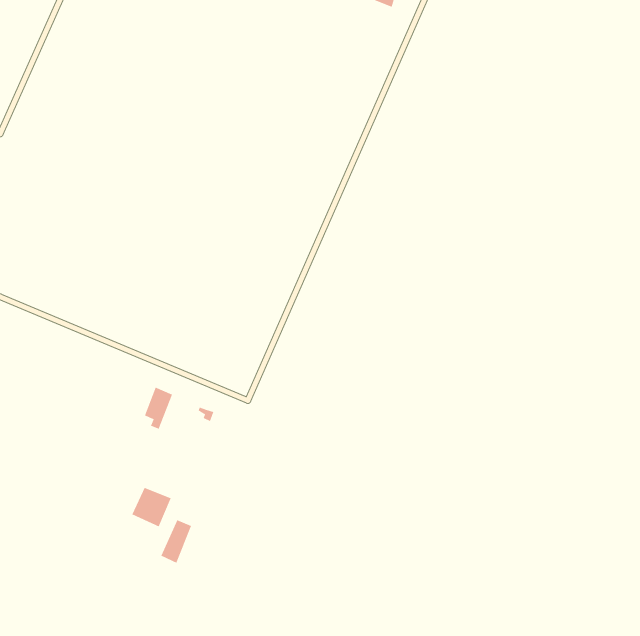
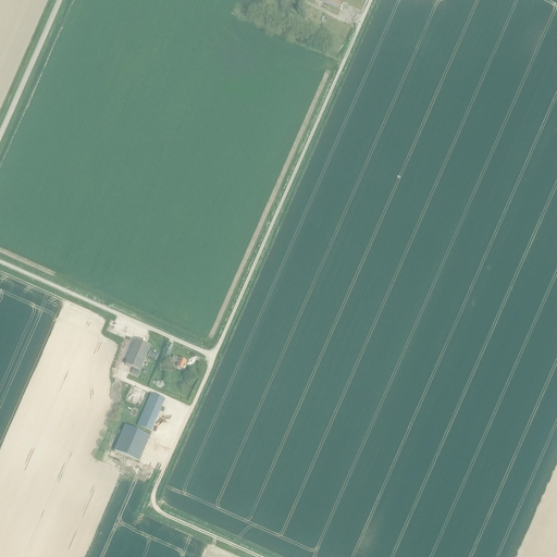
building: [160,520,192,563] -> [137,391,164,429]

